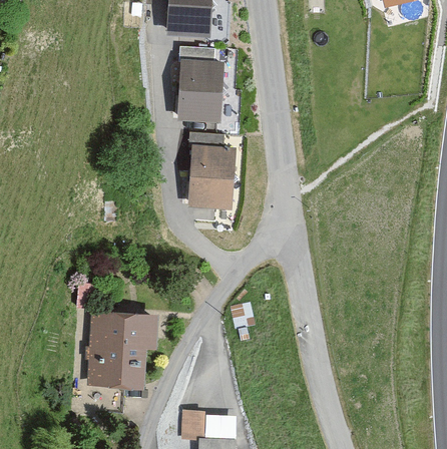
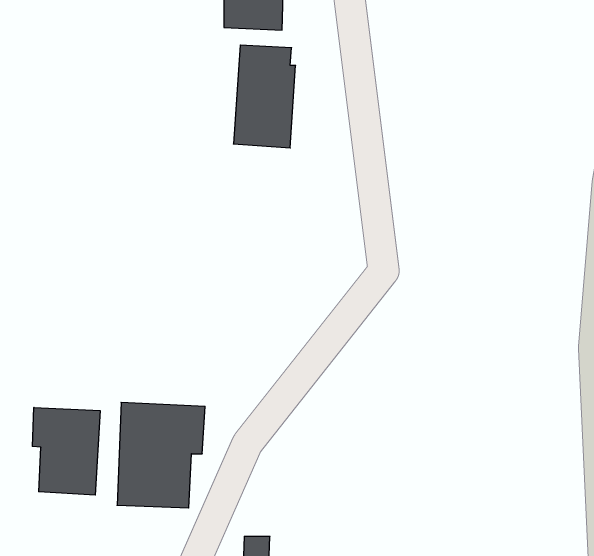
building: [186,135,233,212] -> none
building: none -> [32,407,100,495]

